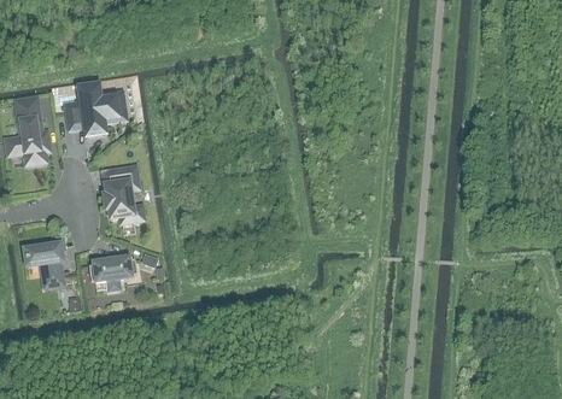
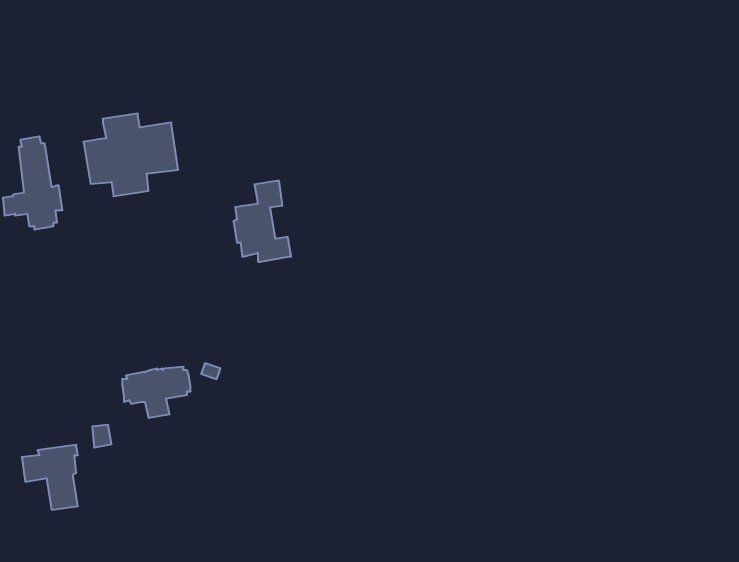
building: [104,165,144,221] -> [233,181,291,262]
building: [24,239,63,283] -> [22,445,78,510]

